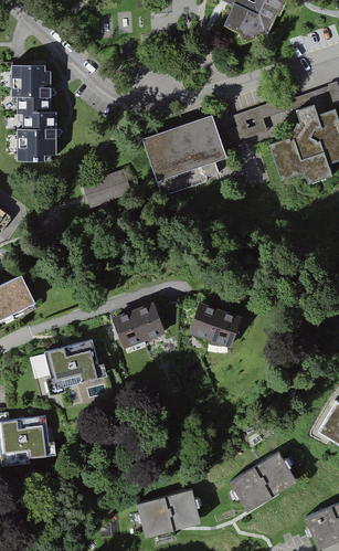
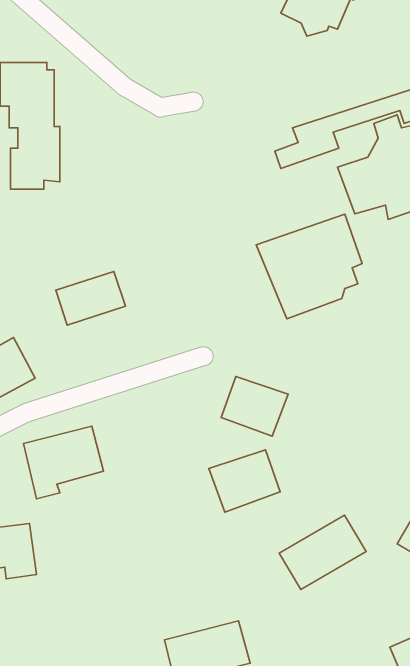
building: [146,115,226,194] -> [256,214,362,319]
building: [84,167,137,208] -> [56,271,125,325]
building: [105,304,159,351] -> [209,450,280,512]
building: [231,453,297,509] -> [279,515,366,589]

